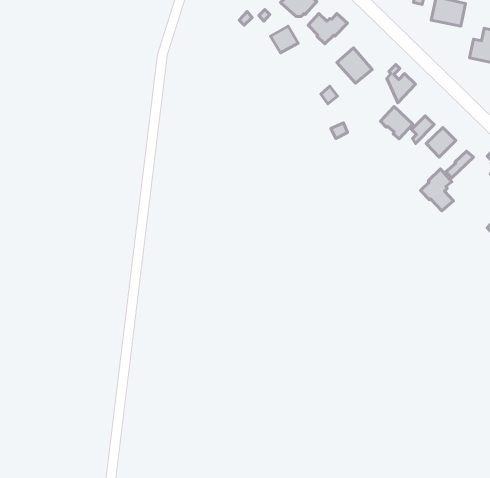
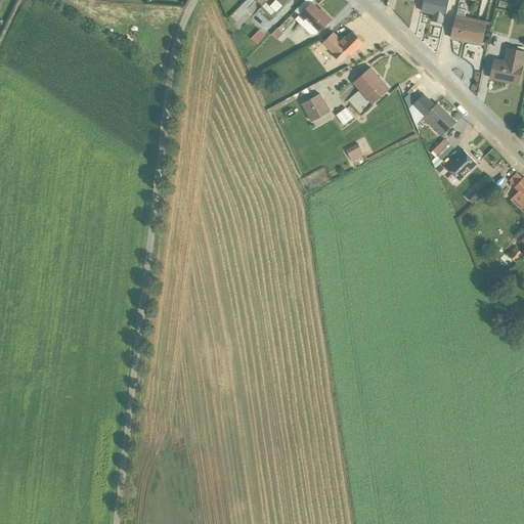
building: [271,26,298,53] -> [301,93,330,121]
building: [380,106,413,139] -> [422,102,455,136]
building: [420,169,453,211] -> none

